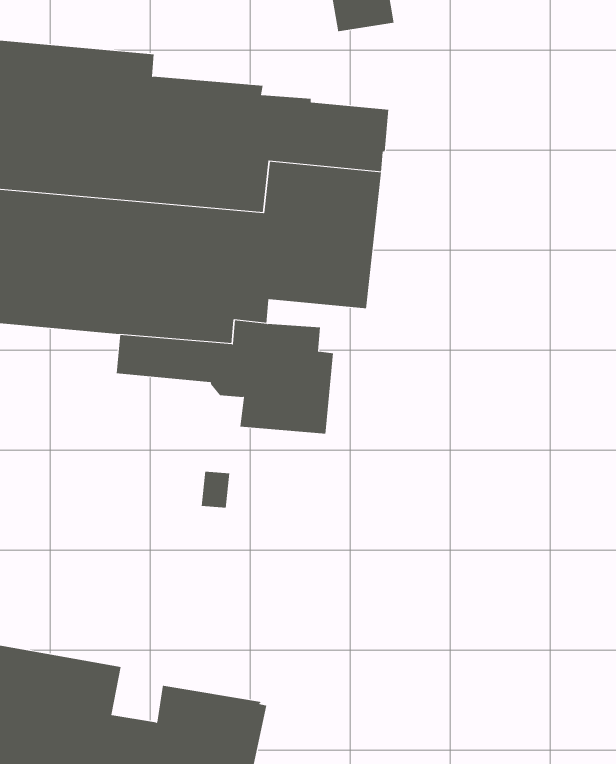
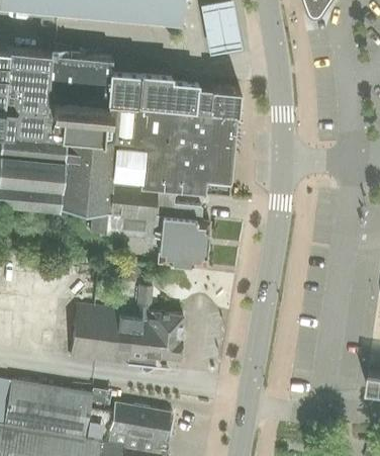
building: none -> [70,307,183,375]

